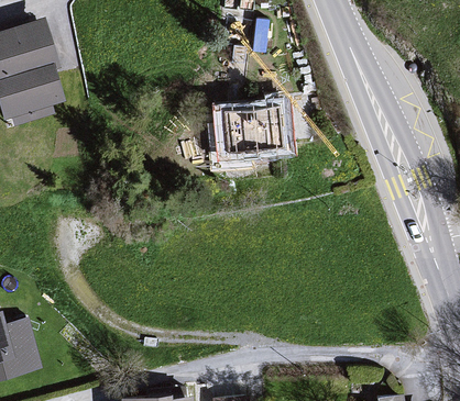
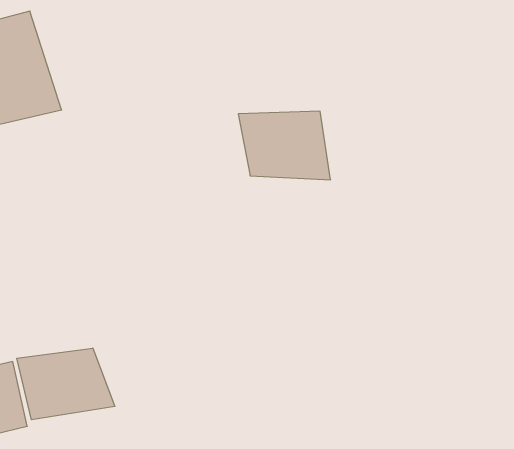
building: none -> [17,348,115,420]

